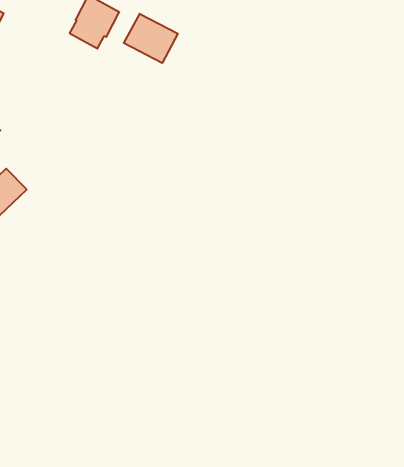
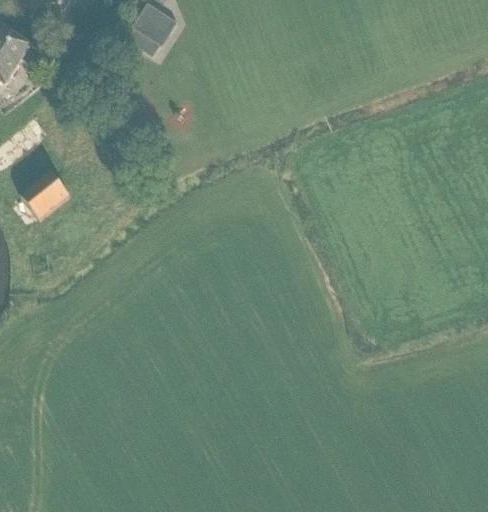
building: [124,14,178,63] -> none

